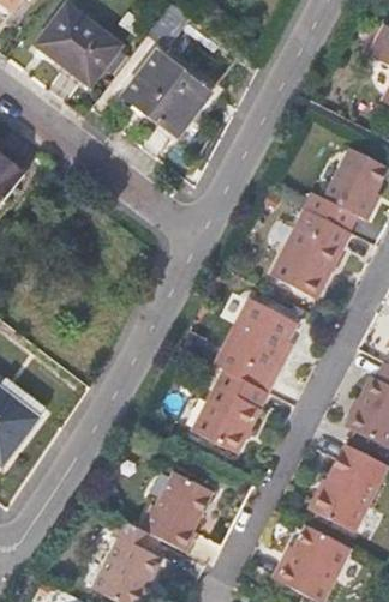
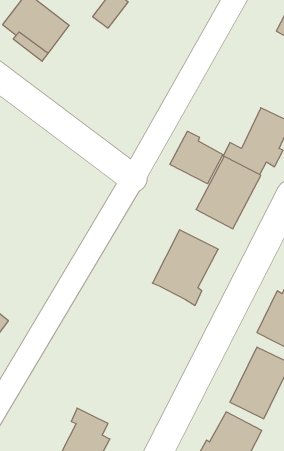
building: [119,50,204,134] -> none
building: none -> [170,131,223,184]
building: [194,367,262,452] -> none
building: [143,470,215,550] -> none

